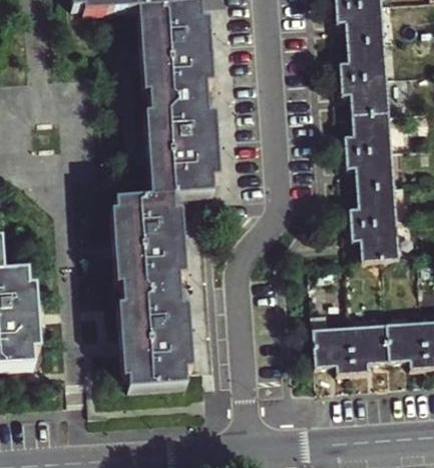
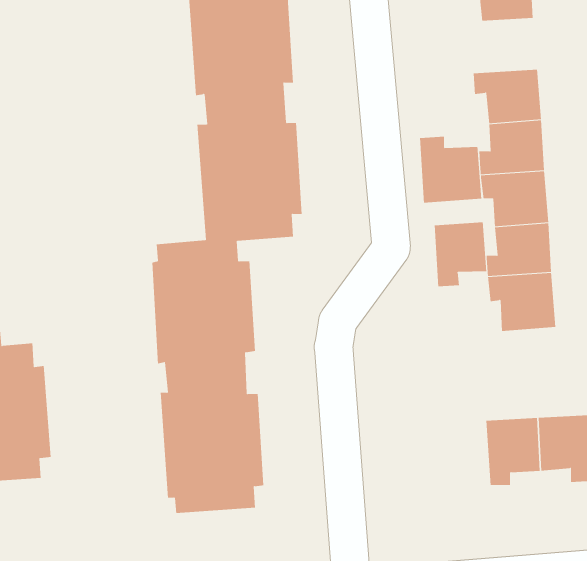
building: [340,38,387,77] -> none
building: none -> [419,136,482,204]
building: none -> [434,222,487,287]
building: [312,324,353,372] -> none

